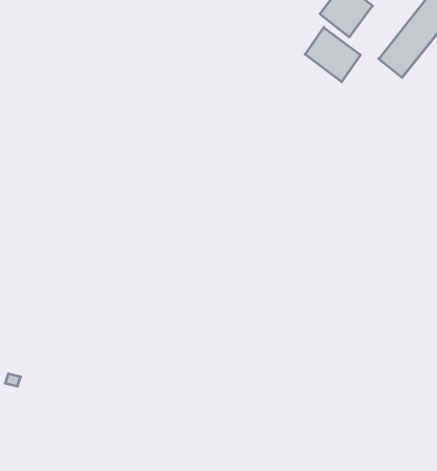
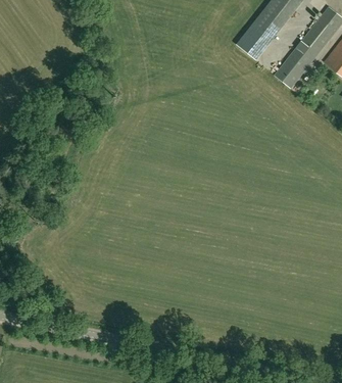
building: [305,27,360,82] -> none

